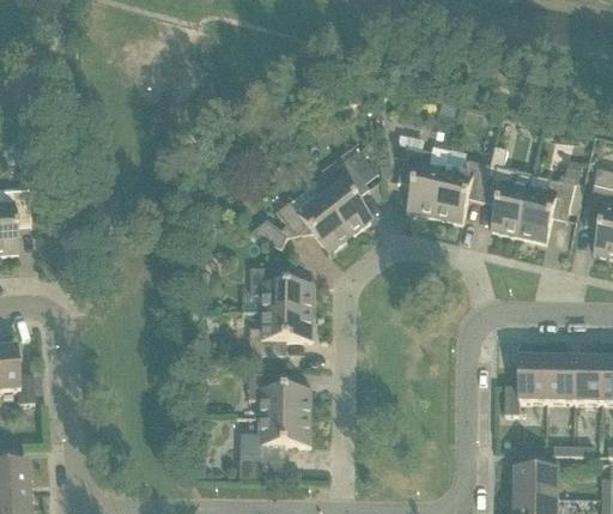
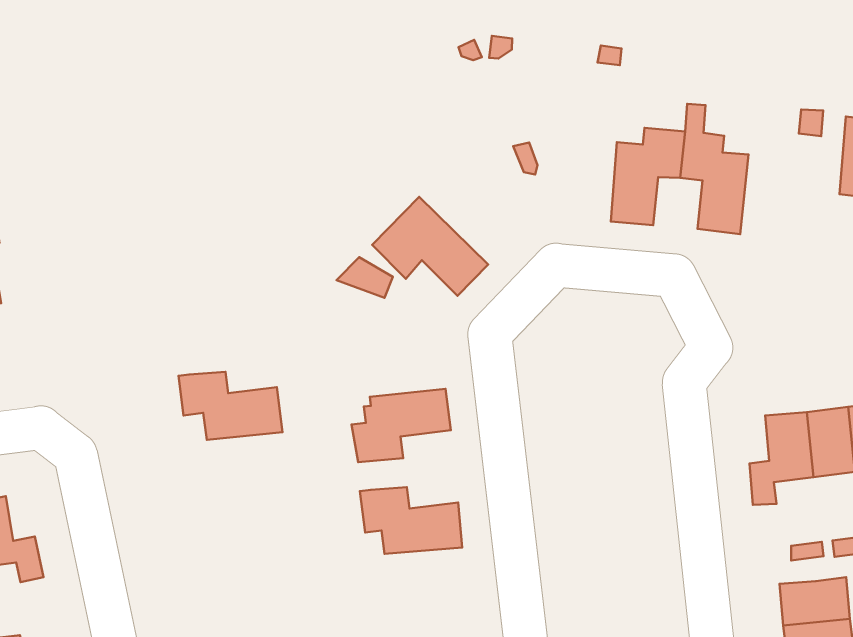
building: [399,145,445,217] -> none
building: [310,155,372,235] -> none
building: [518,177,575,242] -> none
building: [249,267,312,313] -> [178,372,283,440]
building: [247,416,310,460] -> none

